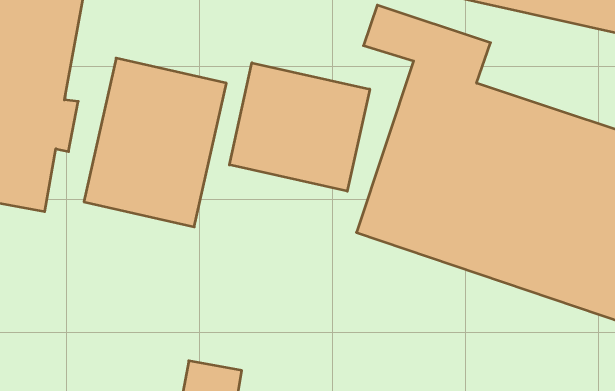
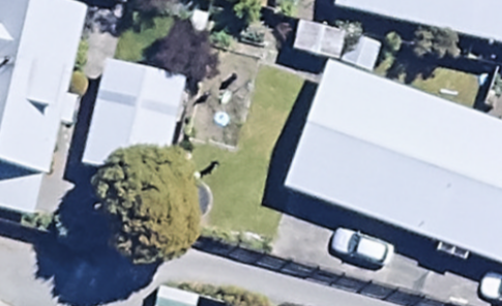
building: [229,63,370,191] -> none

